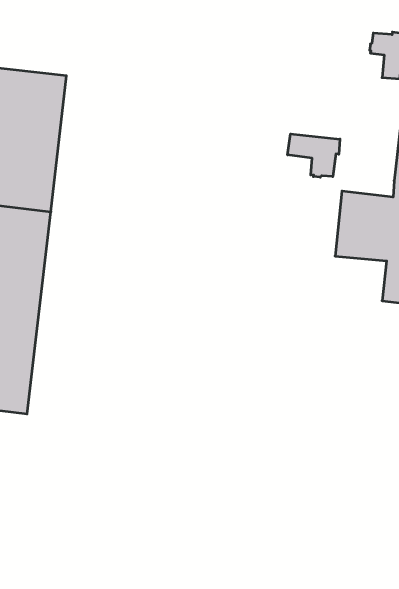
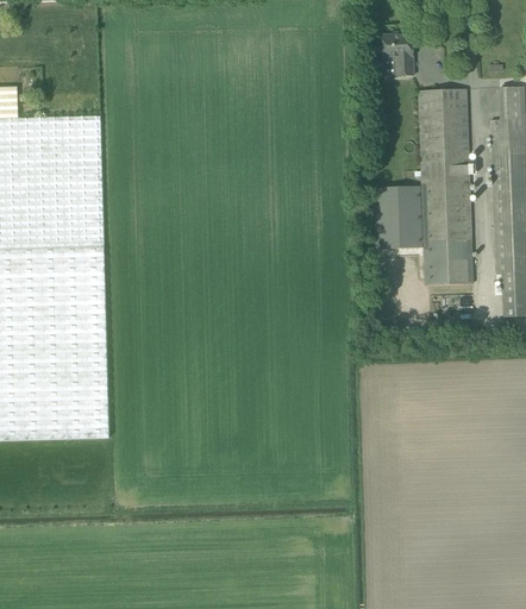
building: [288,134,340,177] -> none

